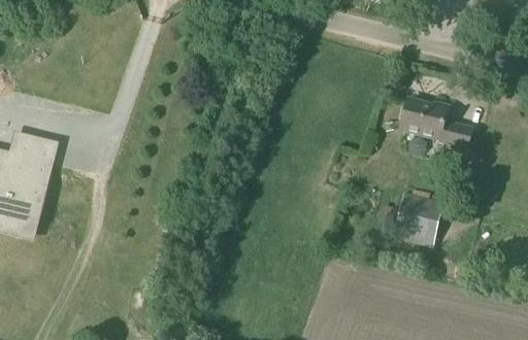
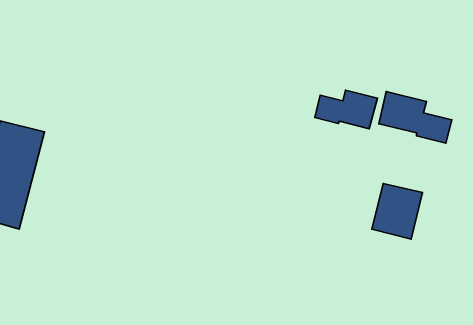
building: none -> [315,90,378,129]

